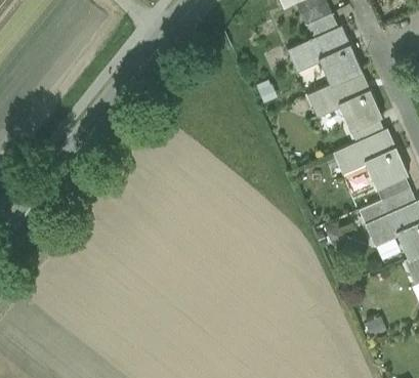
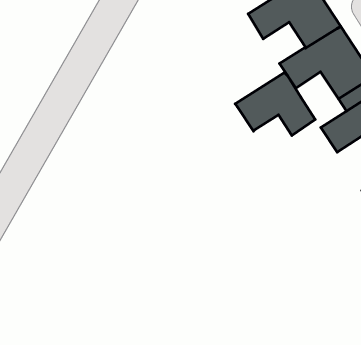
building: none -> [235,73,315,135]

